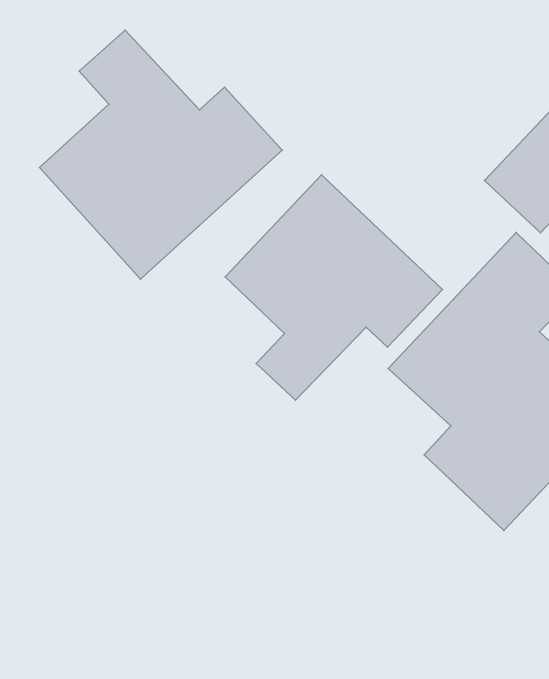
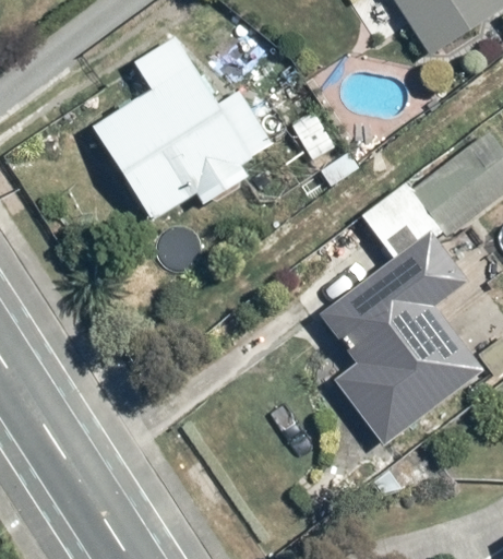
building: [225,175,443,400] -> none

